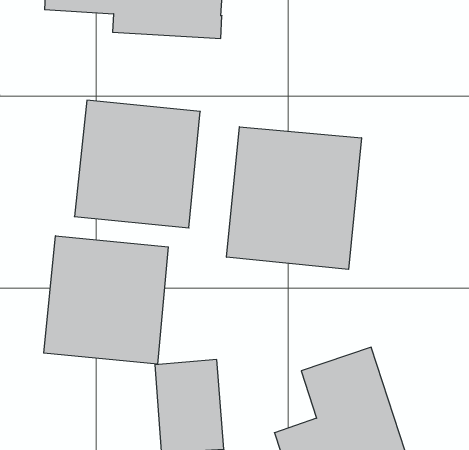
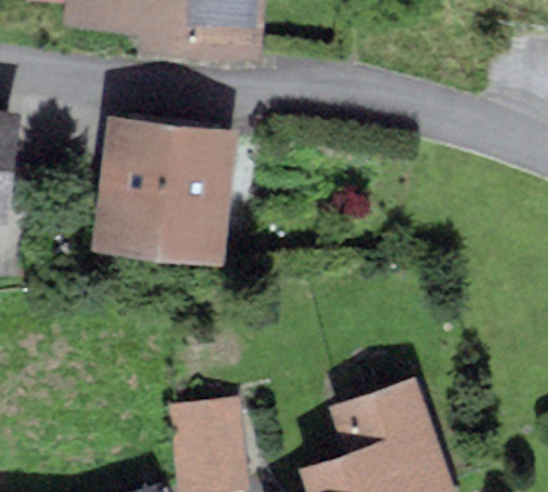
building: [227,127,361,269] -> none
building: [44,236,168,364] -> none

